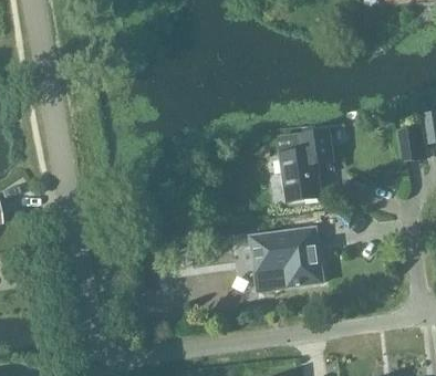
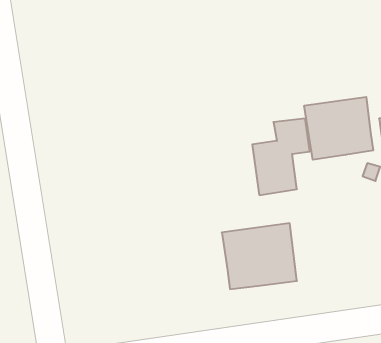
building: none -> [304,97,373,160]

